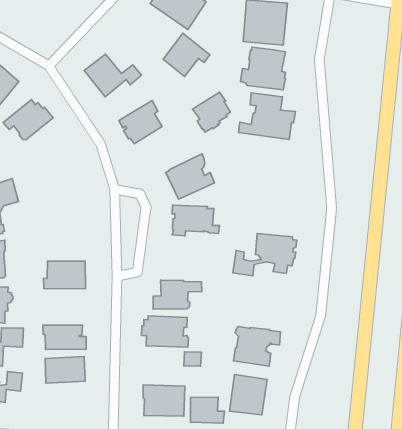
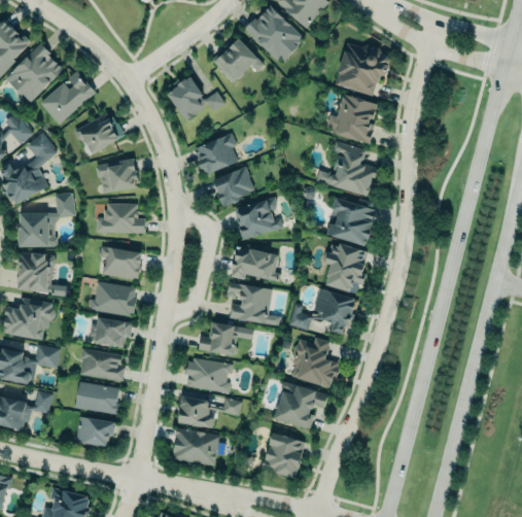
building: [163,33,210,76] -> [213,39,263,84]
building: [192,92,231,132] -> [214,167,253,206]
building: none -> [95,159,139,193]
building: none -> [326,198,377,246]
building: none -> [96,204,144,233]
building: none -> [322,244,369,294]
building: none -> [100,246,141,279]
building: none -> [225,284,280,326]
building: none -> [289,339,340,388]
building: none -> [90,317,133,348]
building: none -> [75,416,115,446]
building: [190,397,224,423] -> [177,398,214,429]

